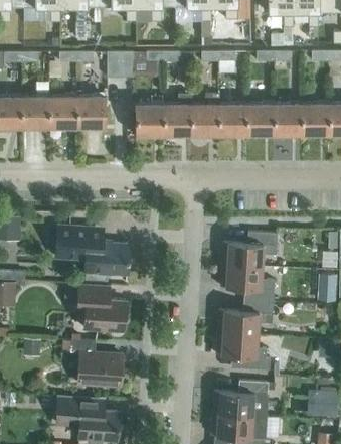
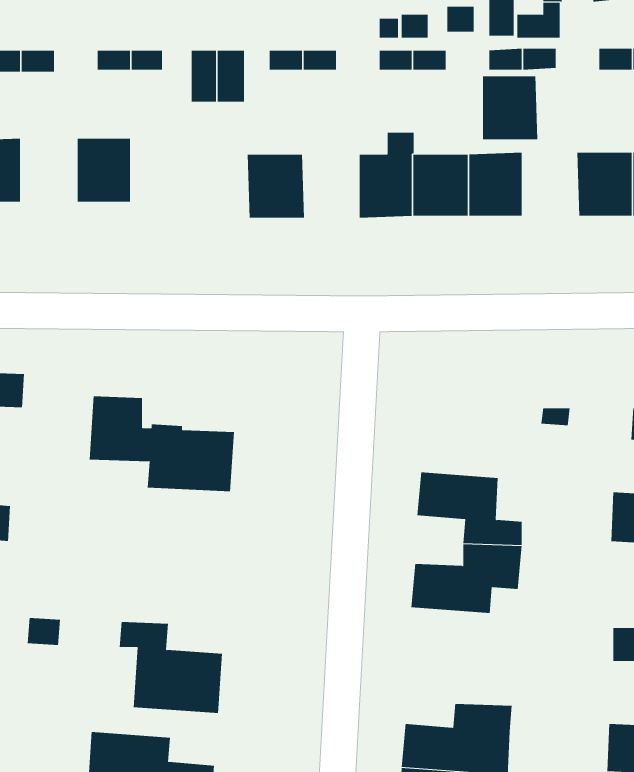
building: [21,96,49,128] -> none
building: [76,96,105,128] -> none
building: [163,96,191,136] -> none
building: [274,103,302,135] -> [482,76,538,140]
building: [222,232,278,267] -> none
building: [64,283,126,330] -> none
building: [216,332,270,369] -> none

